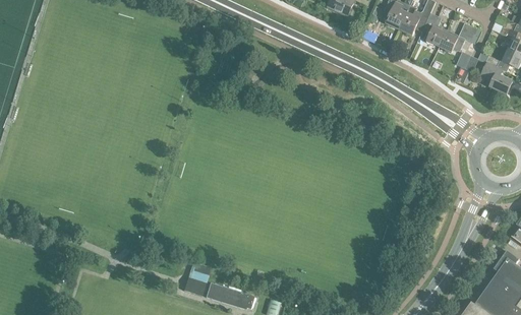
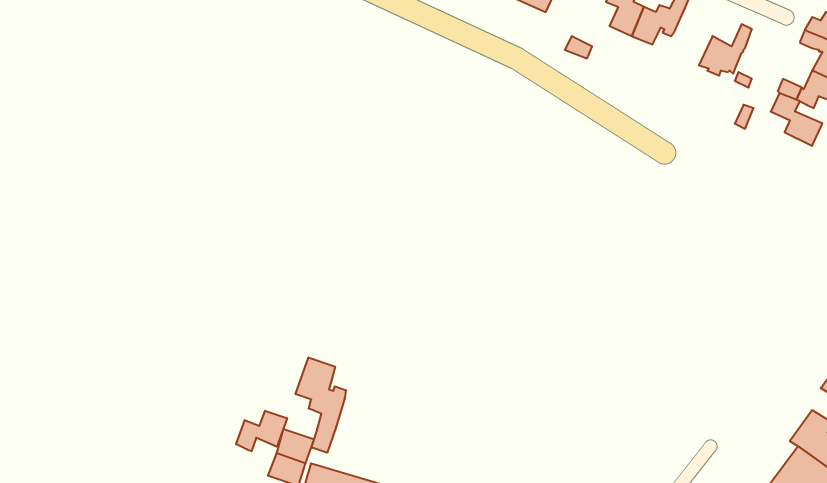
building: [424,13,447,47] -> none
building: none -> [296,357,346,453]
building: none -> [236,411,287,451]

